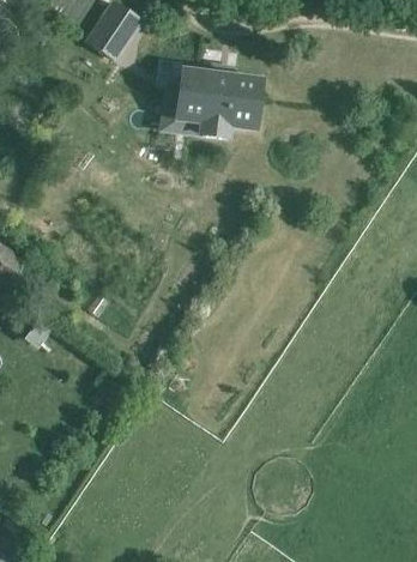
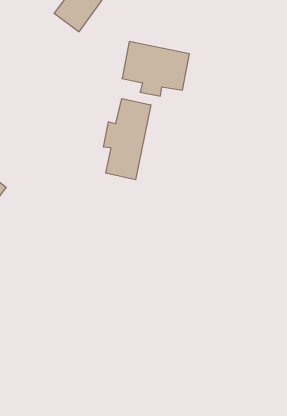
building: none -> [103,99,151,180]

